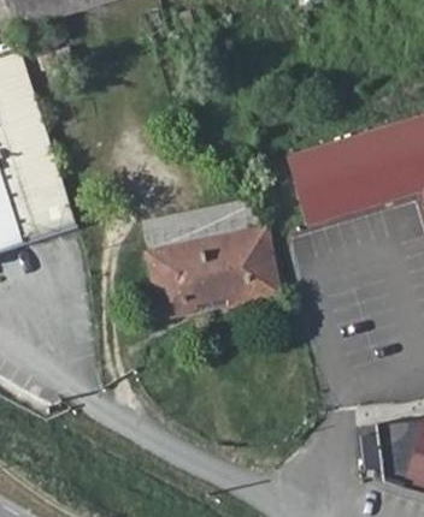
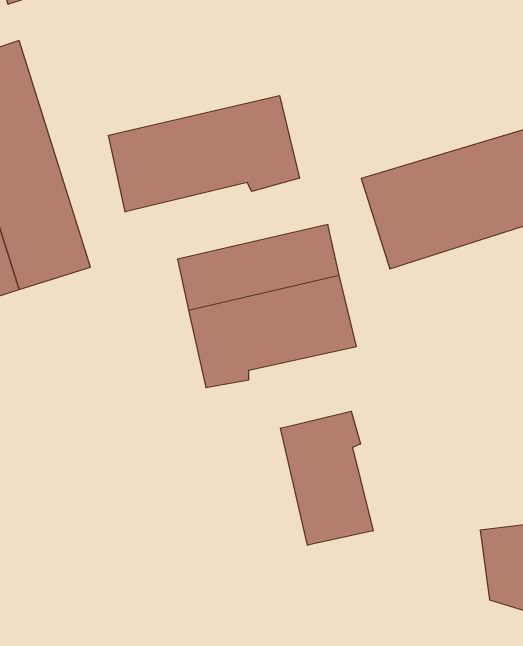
building: none -> [109,96,299,212]
building: none -> [281,411,373,545]

